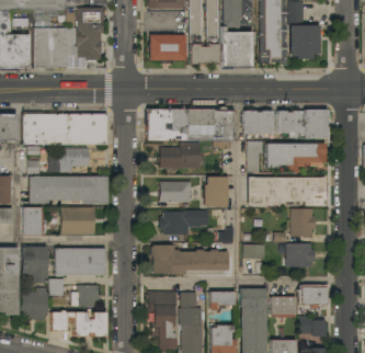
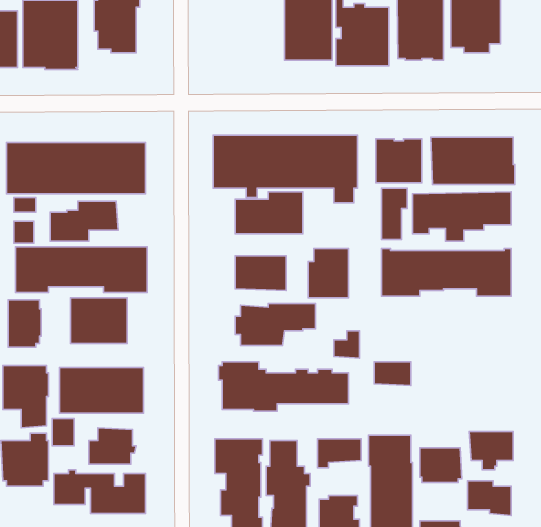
building: [149,34,185,62] -> none
building: [290,208,316,237] -> none
building: [281,242,316,266] -> none

